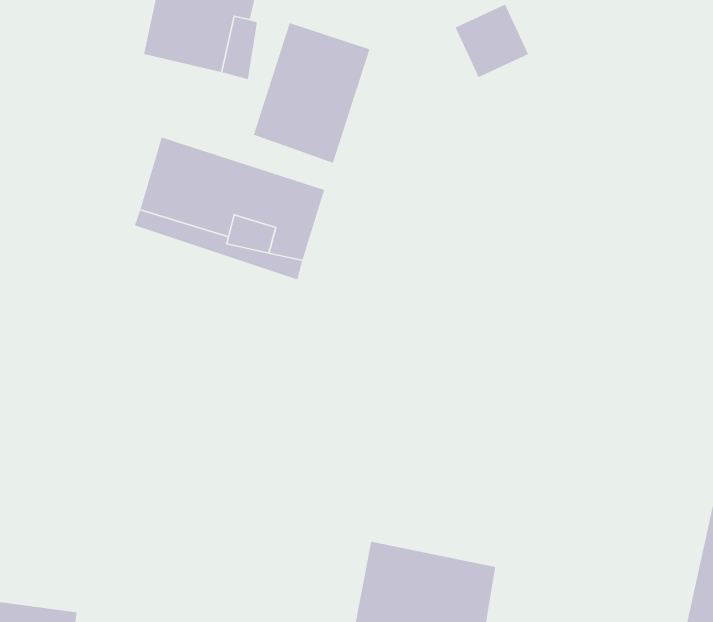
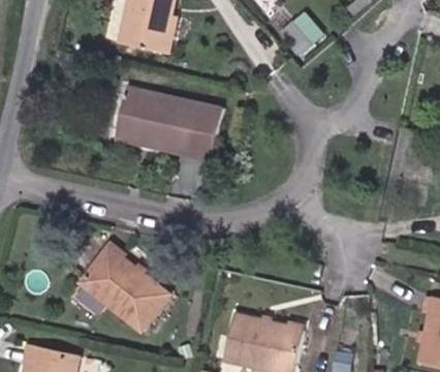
building: [253,22,370,164] -> none
building: none -> [73,247,161,334]

